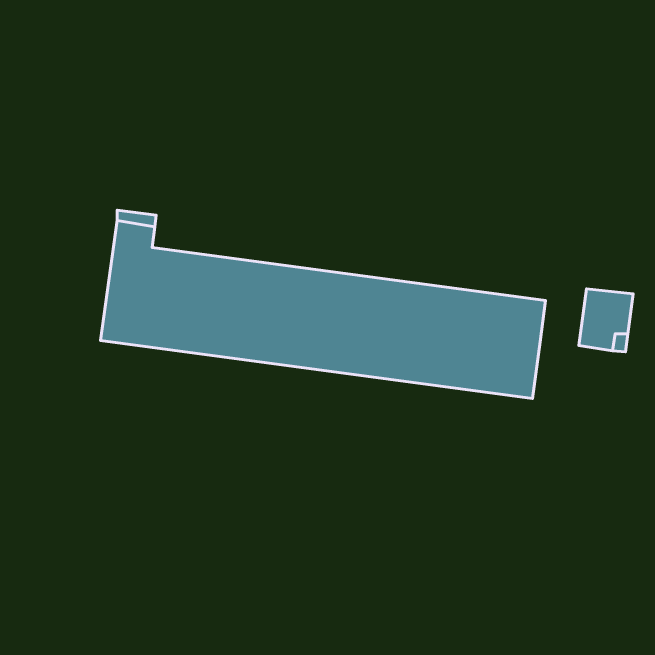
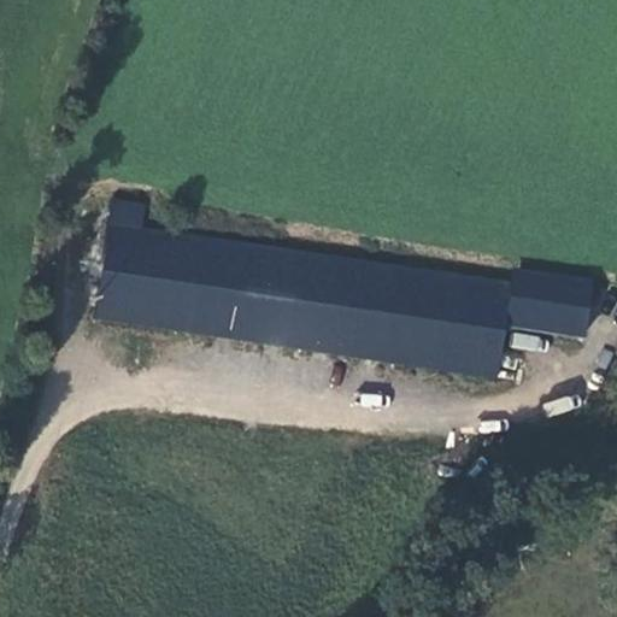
building: none -> [509,269,552,327]

